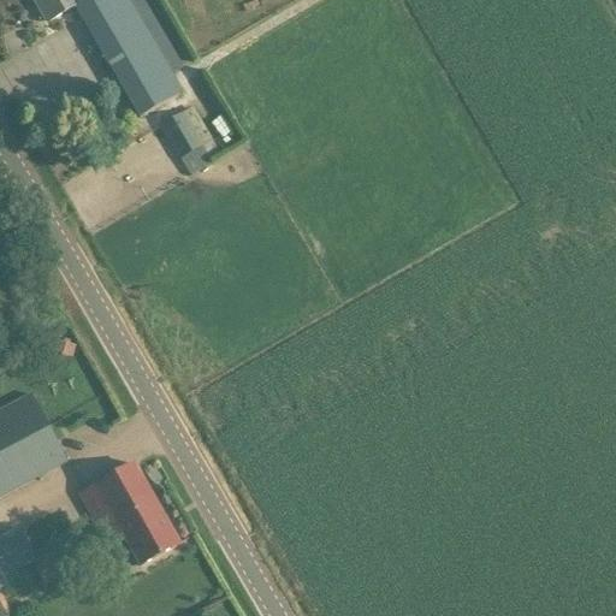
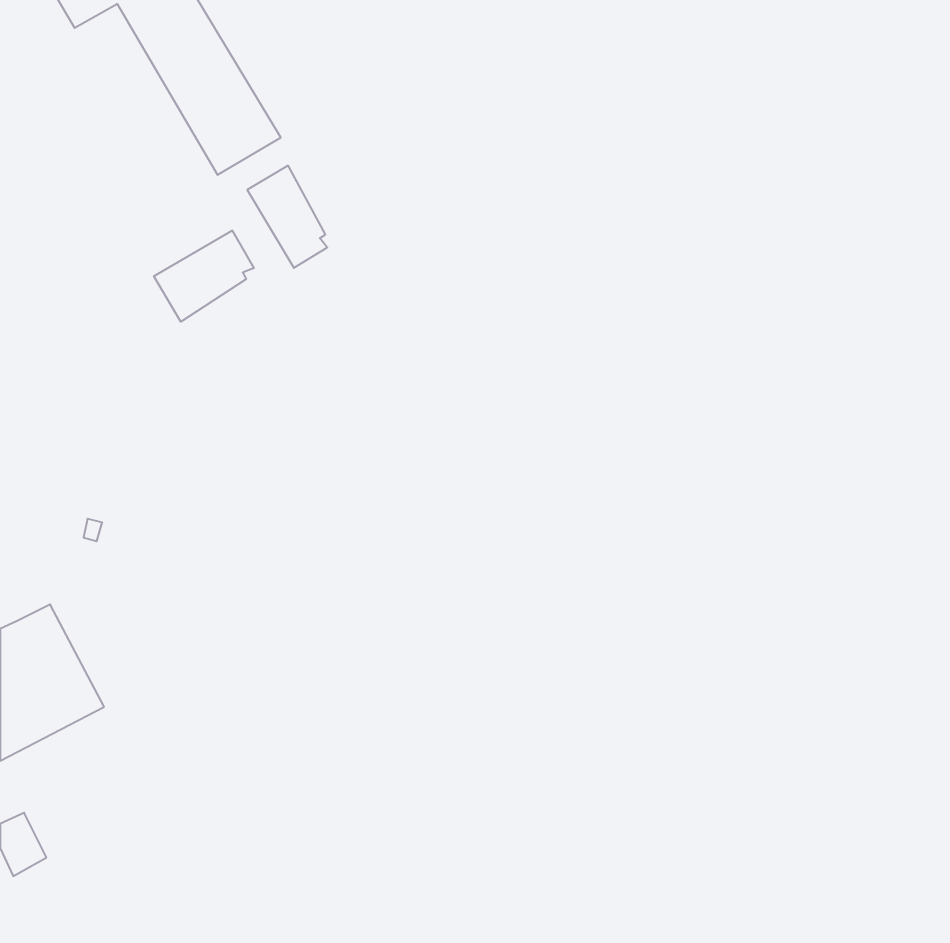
building: none -> [154,230,254,322]
building: [79,460,179,563] -> none

